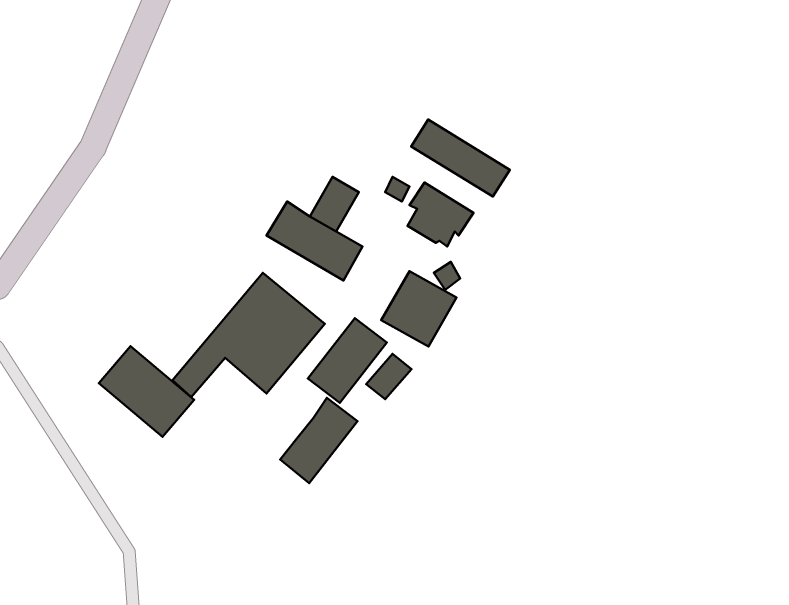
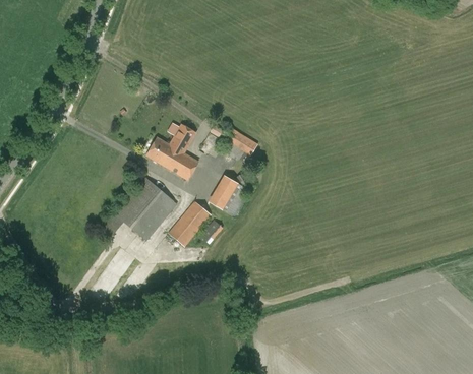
building: [411,120,510,197] -> none
building: [99,346,194,437] -> none
building: [280,398,358,483] -> none

